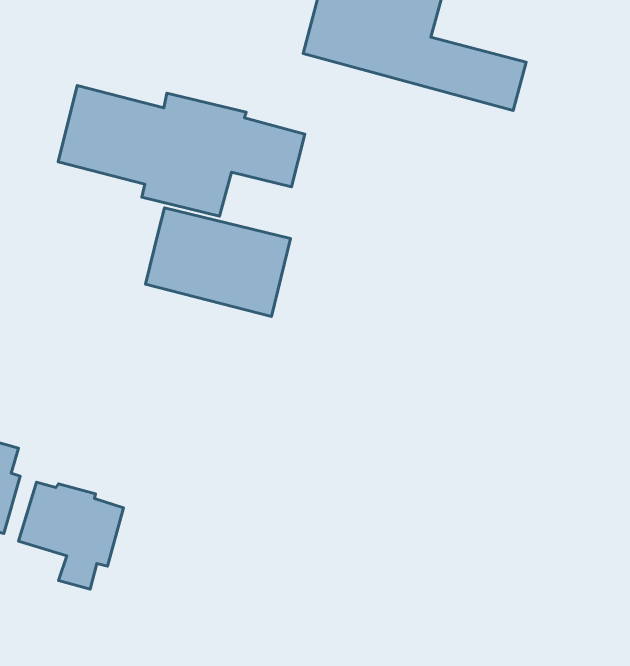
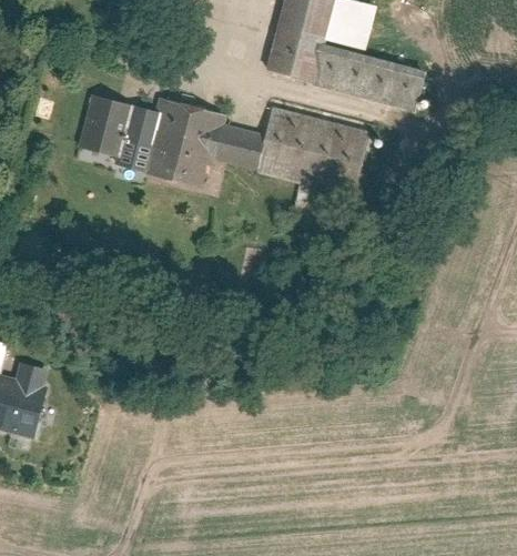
building: [145,208,291,316] -> [254,111,364,193]
building: [18,482,124,589] -> none

